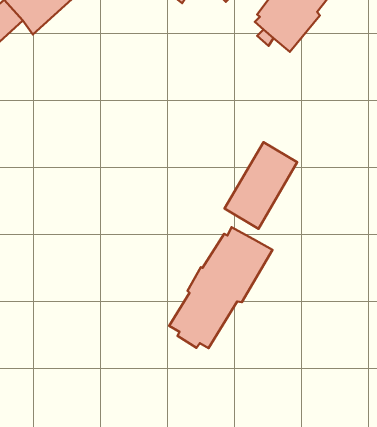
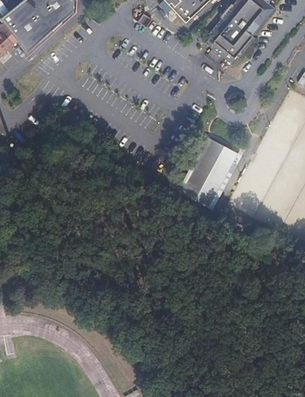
building: [169,227,272,348] -> none

